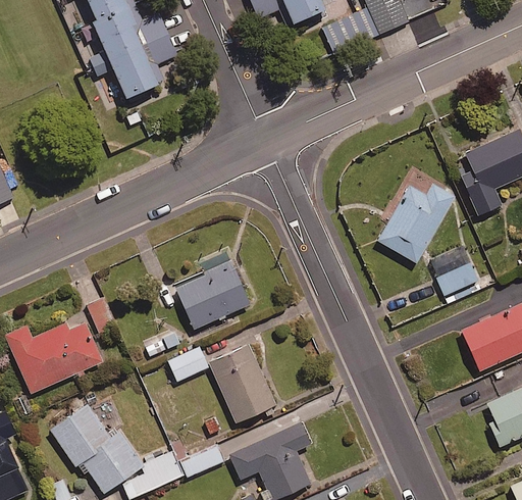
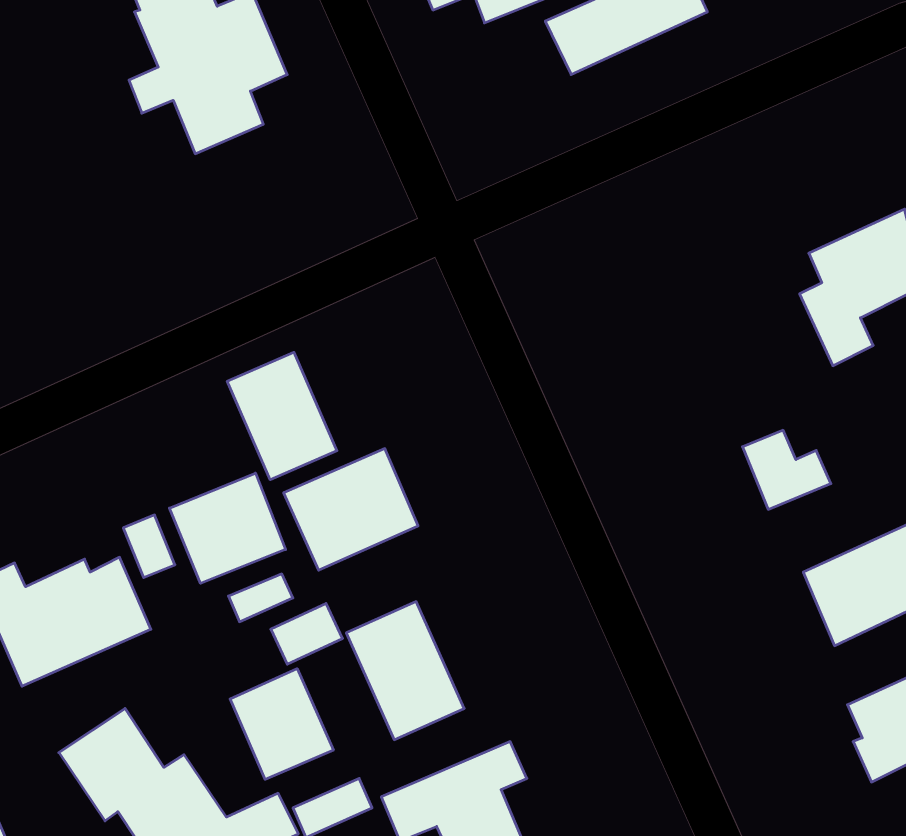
building: [378,184,455,262] -> none
building: none -> [227,352,337,480]
building: none -> [169,473,286,583]
building: none -> [230,669,333,779]

